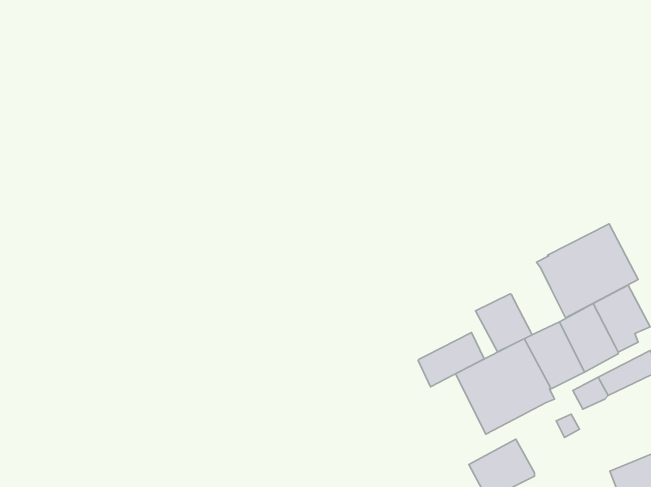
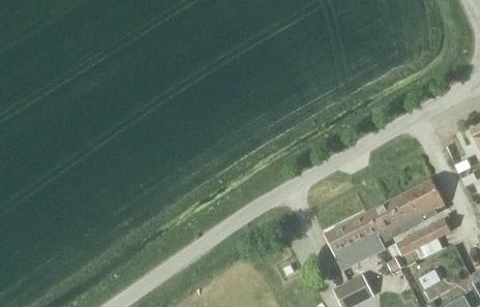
building: [537,224,638,318] -> none
building: [475,294,532,352] -> none
building: [418,332,484,387] -> none

